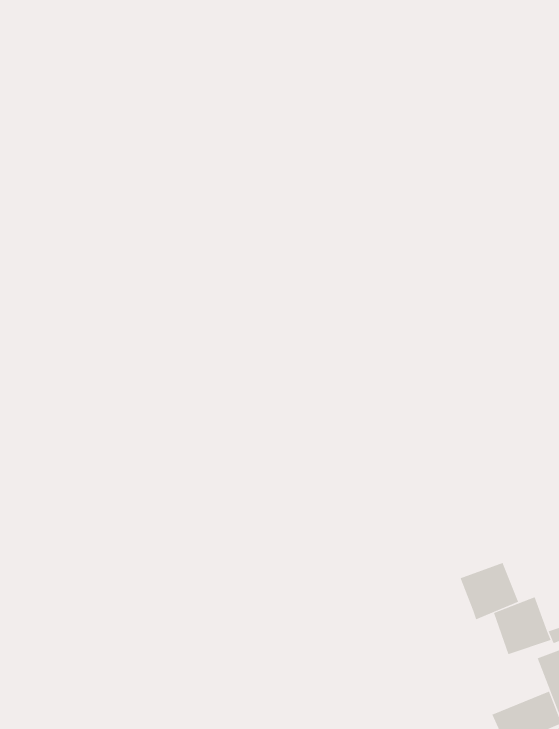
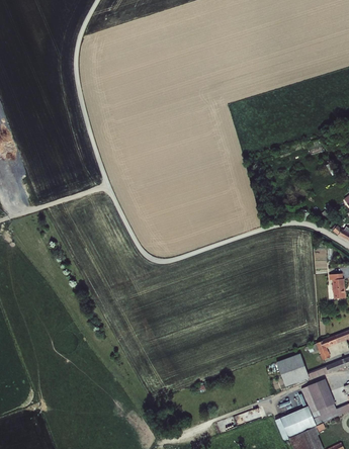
building: [460,562,519,620] -> none

